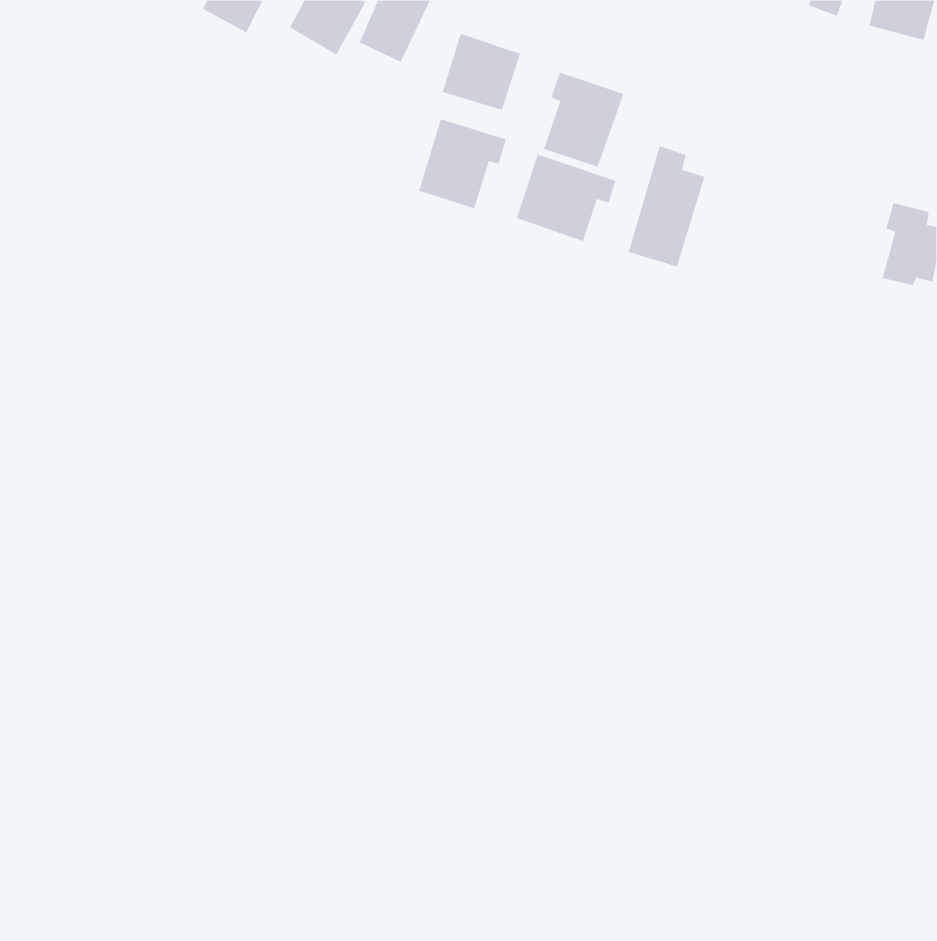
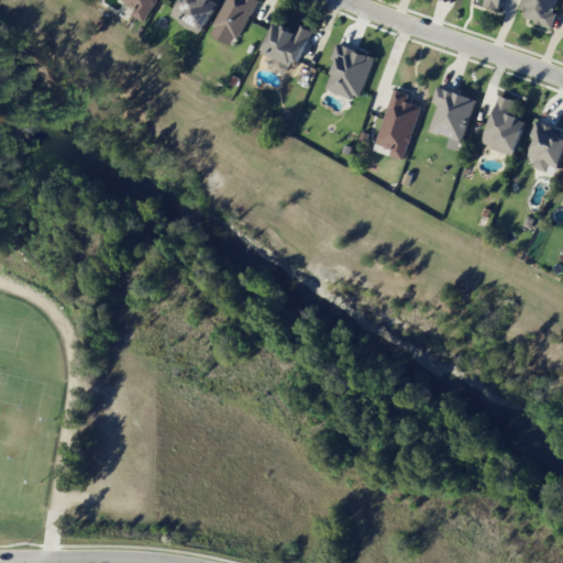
building: [418,118,506,209] -> none
building: none -> [427,86,474,141]
building: [516,154,616,242] -> none
building: none -> [484,95,527,154]

